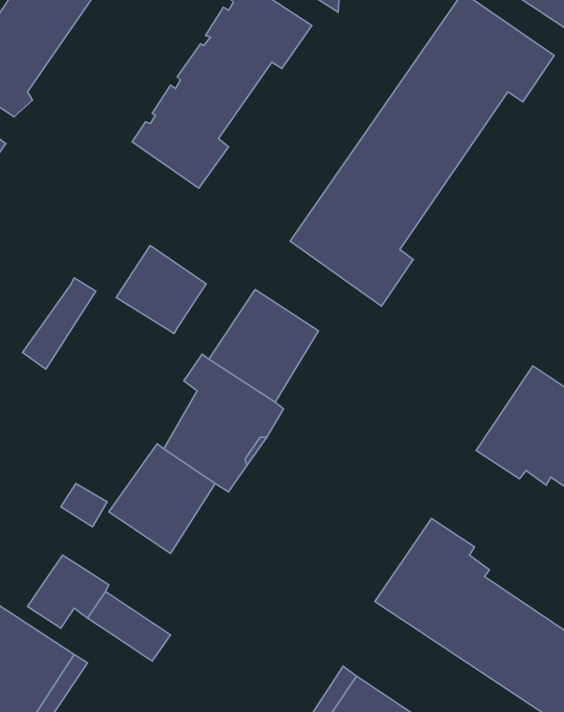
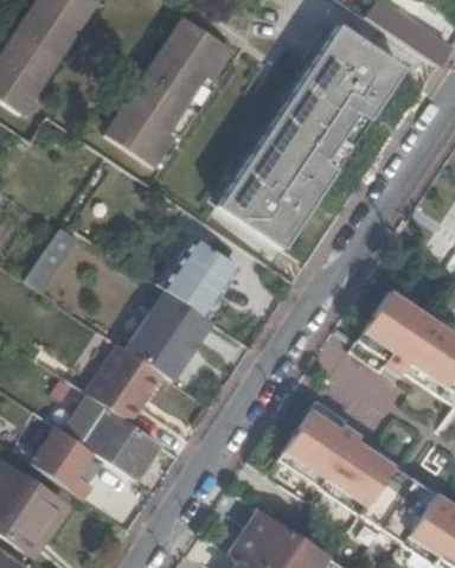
building: [116,245,206,333] -> none
building: none -> [65,395,160,479]

